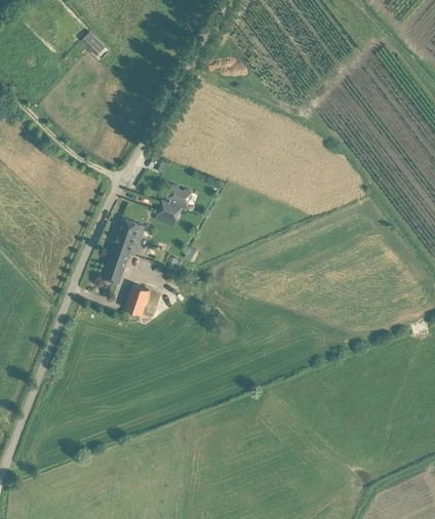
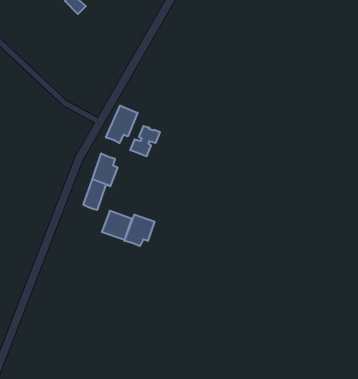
building: none -> [106,106,138,143]
building: none -> [124,215,155,246]

